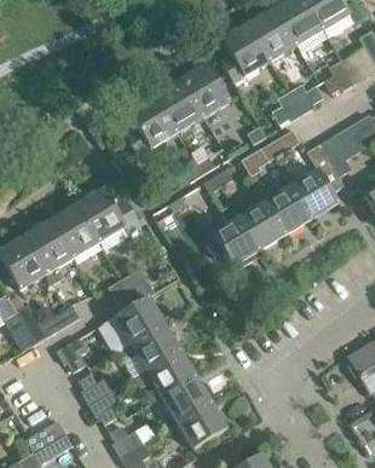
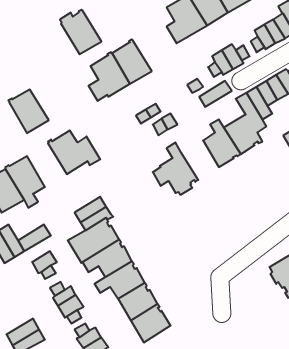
building: [179,62,230,116] -> [60,10,101,54]
building: [240,201,285,249] -> none
building: [50,204,99,258] -> [8,90,49,133]

